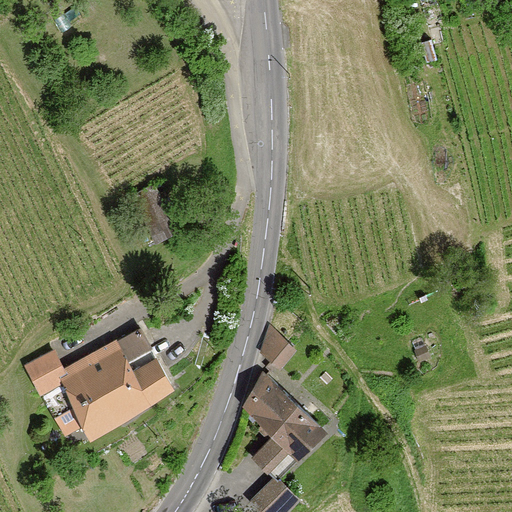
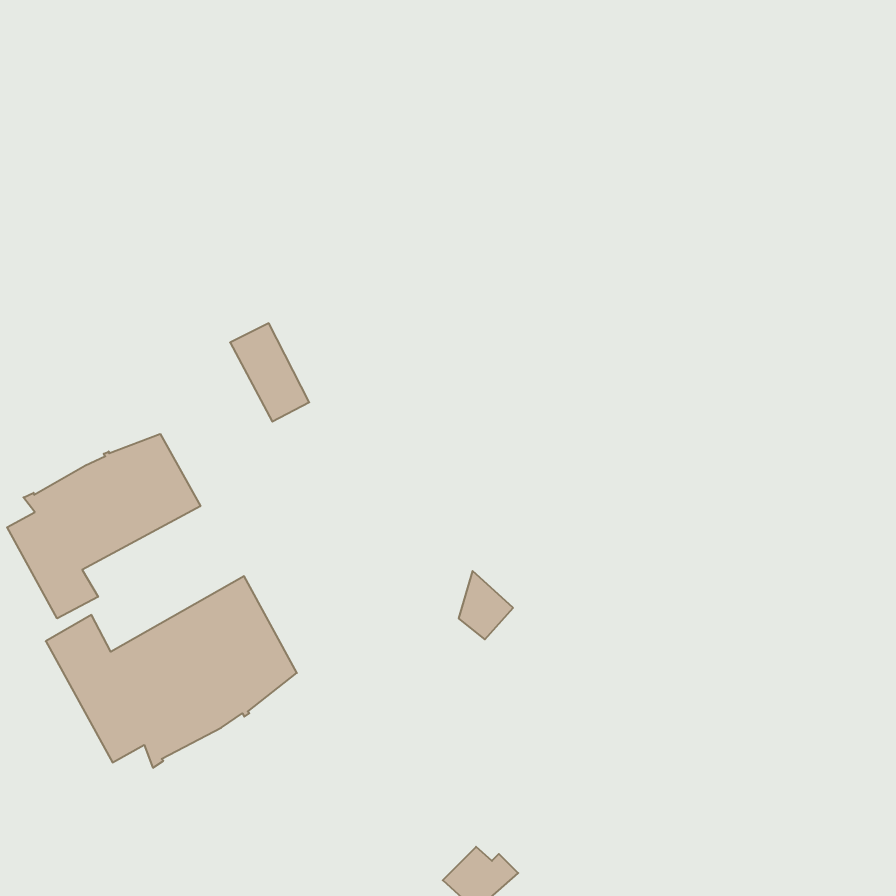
building: none -> [7,434,200,618]
building: [242,375,321,481] -> none

